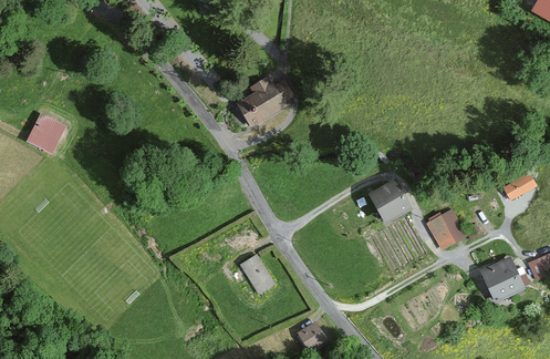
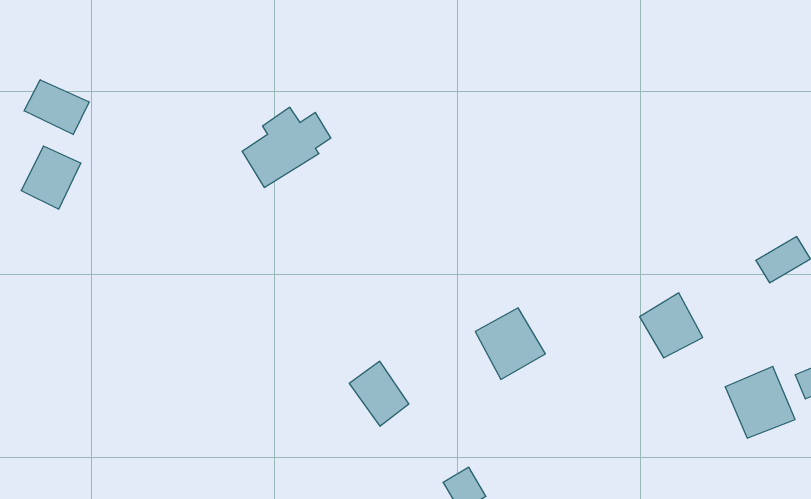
building: none -> [24,80,89,135]
building: [236,76,293,129] -> [242,107,331,188]
building: [367,182,413,228] -> [475,308,545,379]

